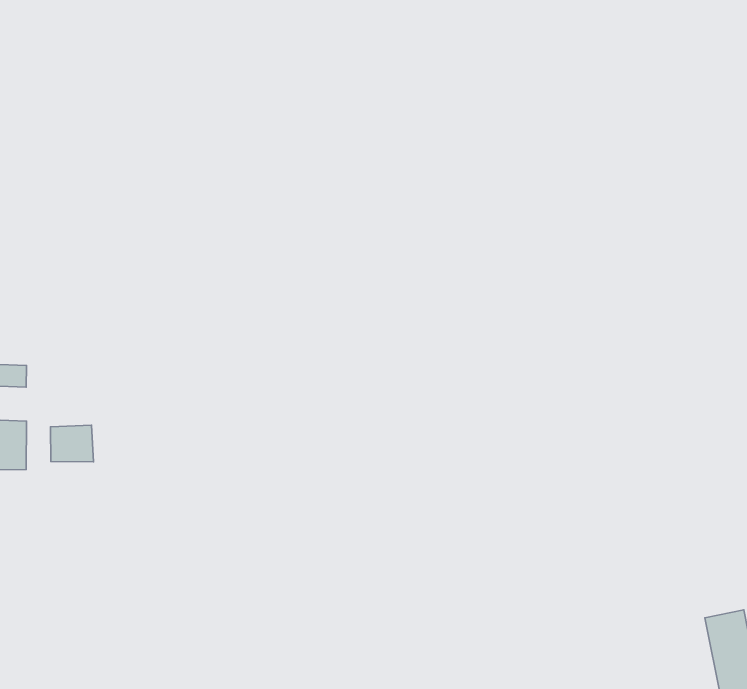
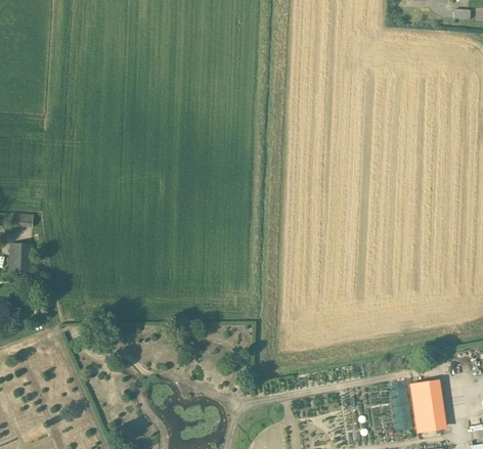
building: [50,425,93,462] -> none

